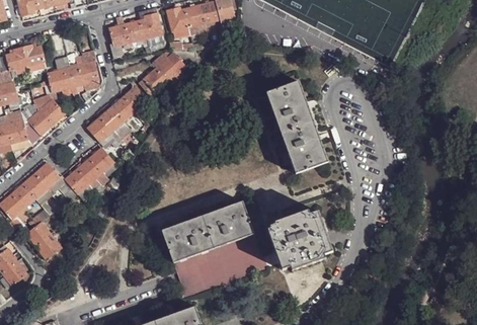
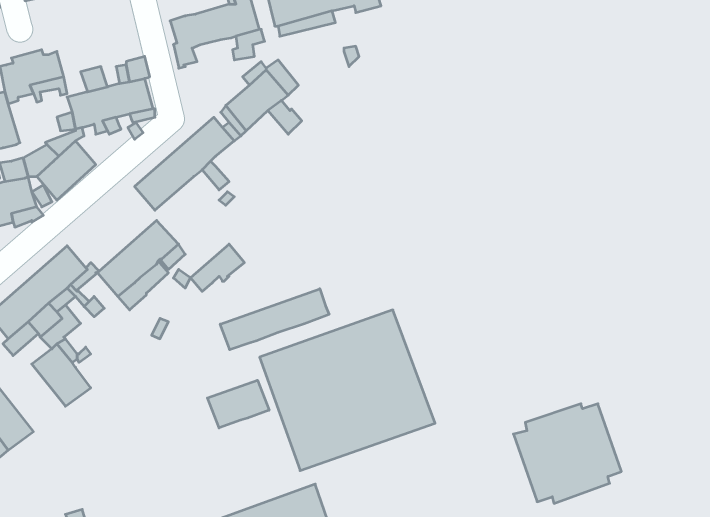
building: [266,79,327,172] -> none
building: [99,120,132,149] -> [190,244,244,291]
building: none -> [220,289,329,350]
building: [267,210,332,269] -> [513,404,621,503]
building: none -> [207,380,269,428]

